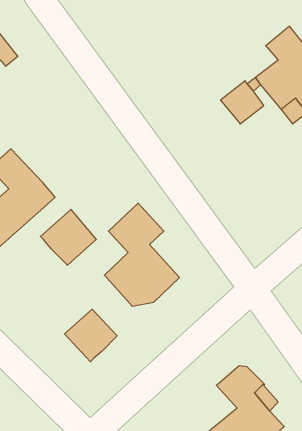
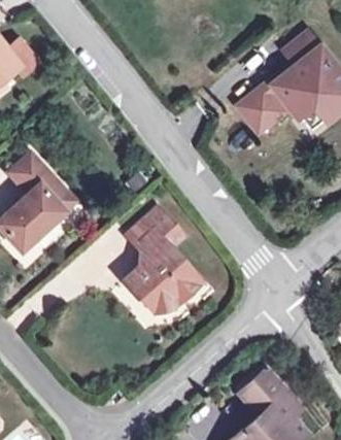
building: [40,209,96,265] -> none
building: [65,309,117,362] -> none

